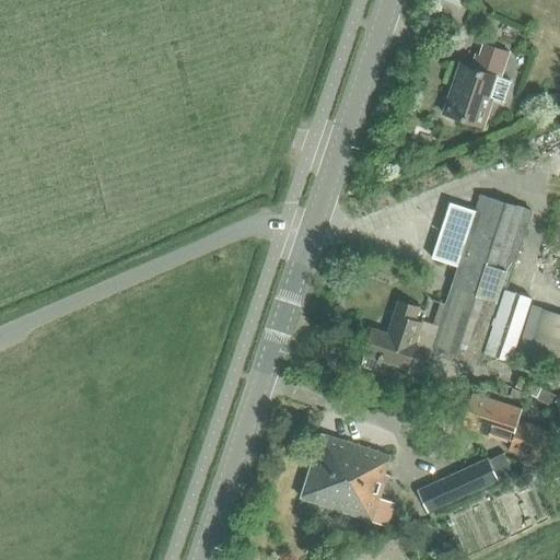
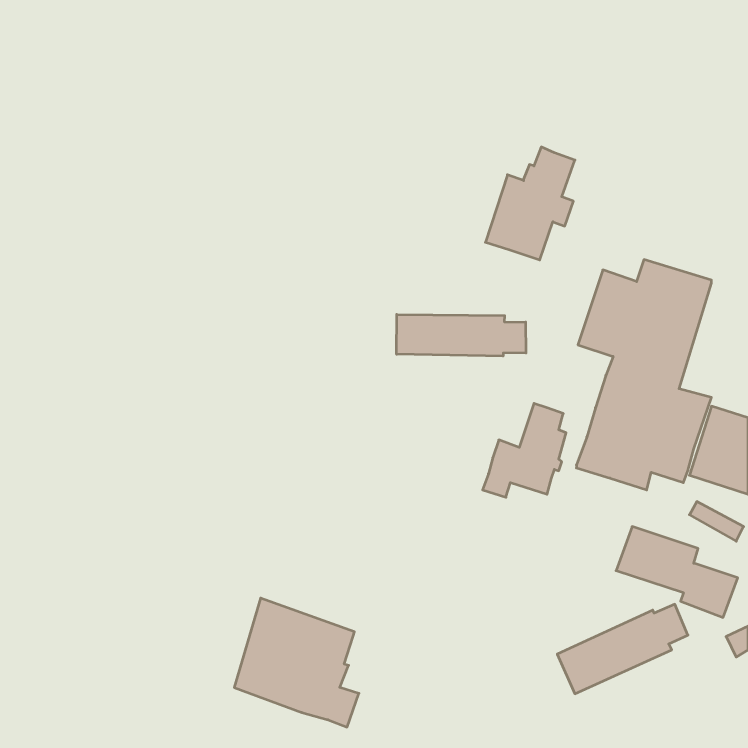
building: [443,43,510,127] -> [485,147,575,260]
building: none -> [397,314,526,356]
building: [301,431,394,527] -> [234,598,359,727]

